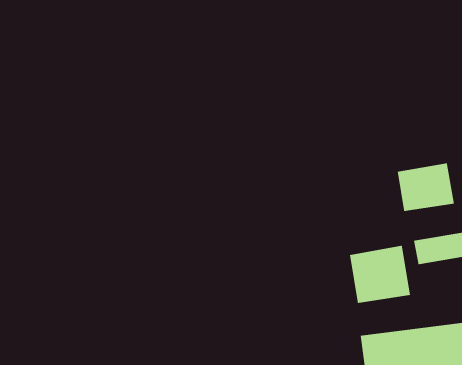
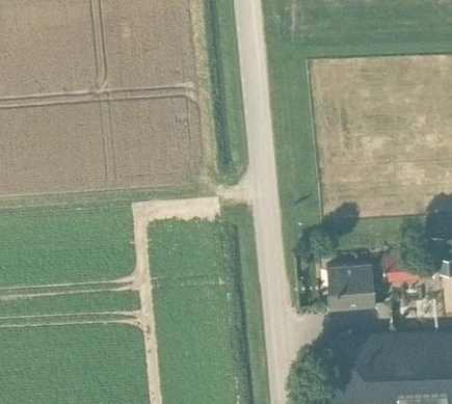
building: [397,162,454,212] -> none

